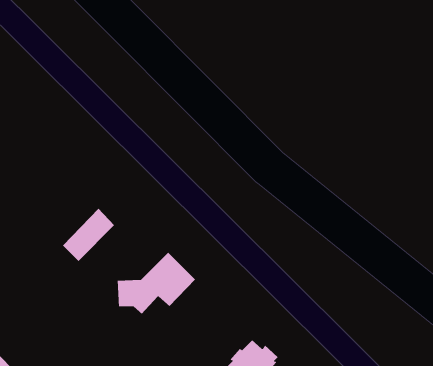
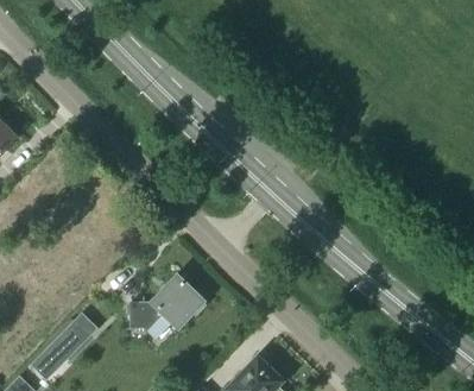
building: [62,208,115,262] -> [36,320,86,371]

